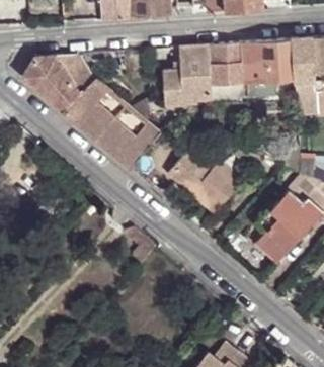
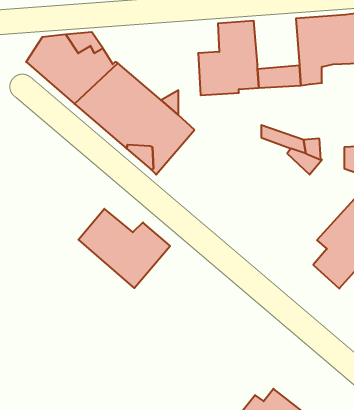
building: [209,42,246,84] -> none
building: [168,149,243,213] -> [78,209,170,288]

